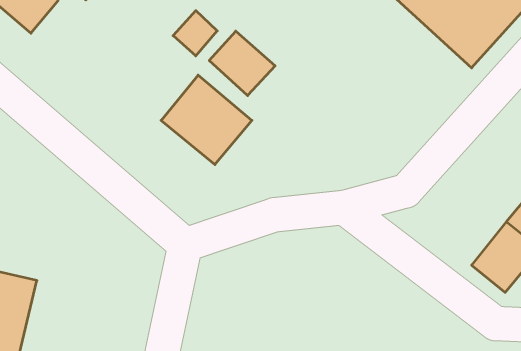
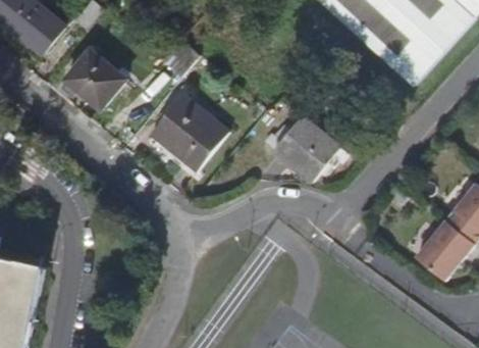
building: none -> [65,51,125,109]
building: [209,31,275,96] -> none
building: none -> [276,120,340,185]

